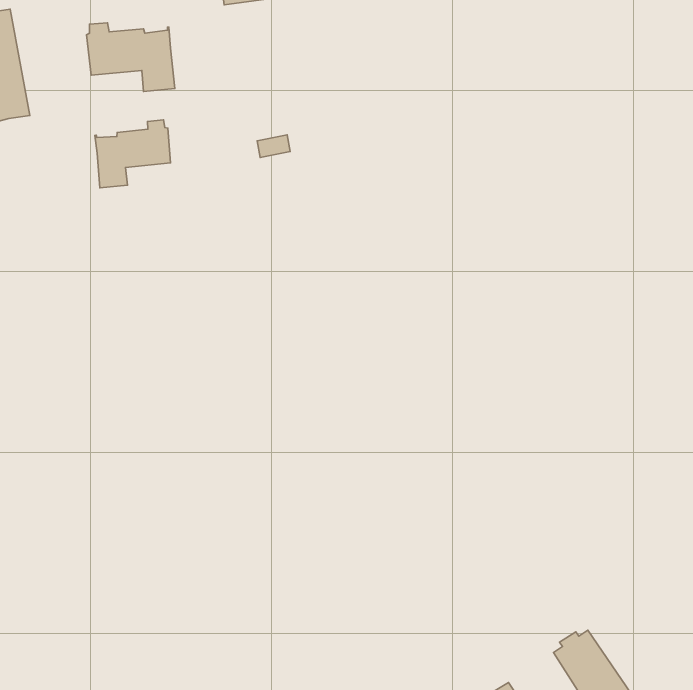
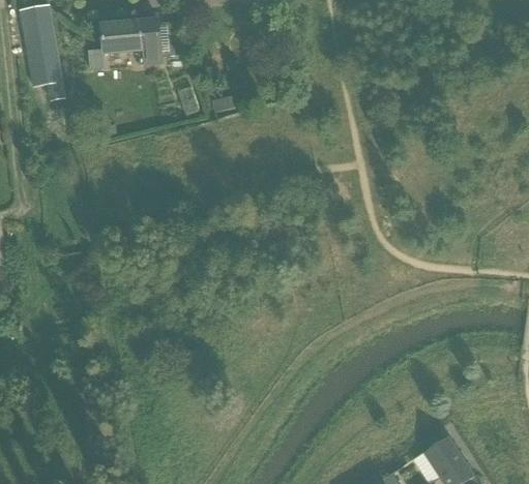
building: [95,120,170,188] -> none

